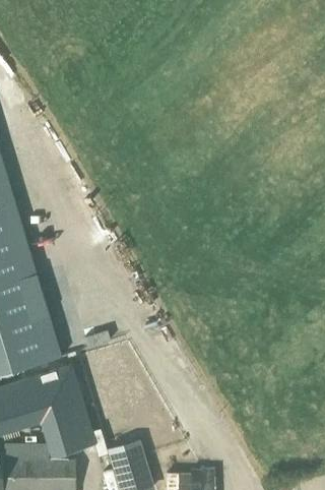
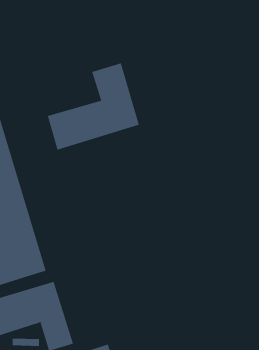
building: none -> [47,63,140,150]

